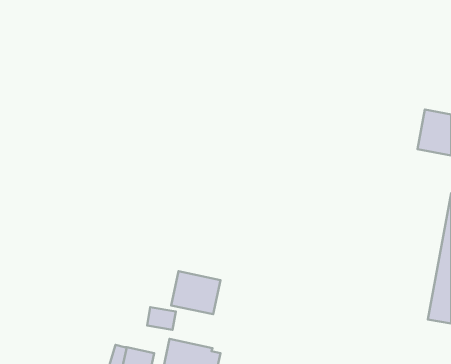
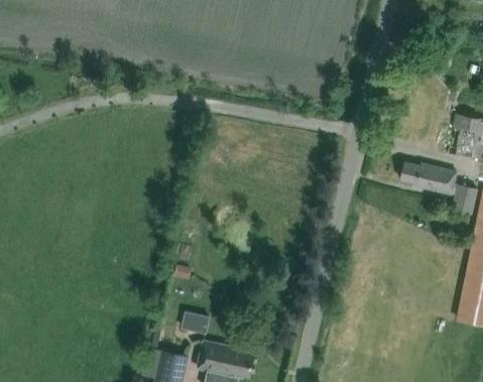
building: none -> [400,163,477,215]
building: [171,271,220,314] -> none

